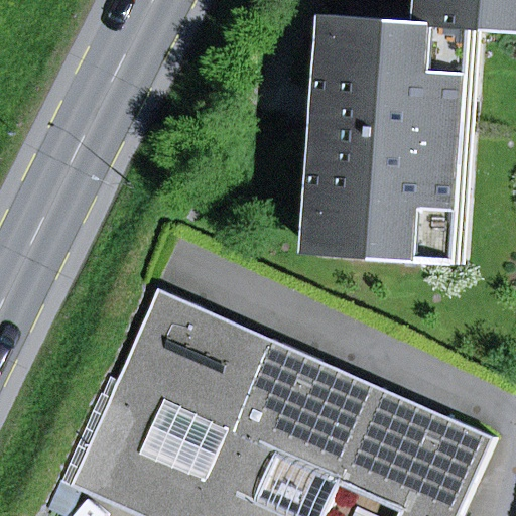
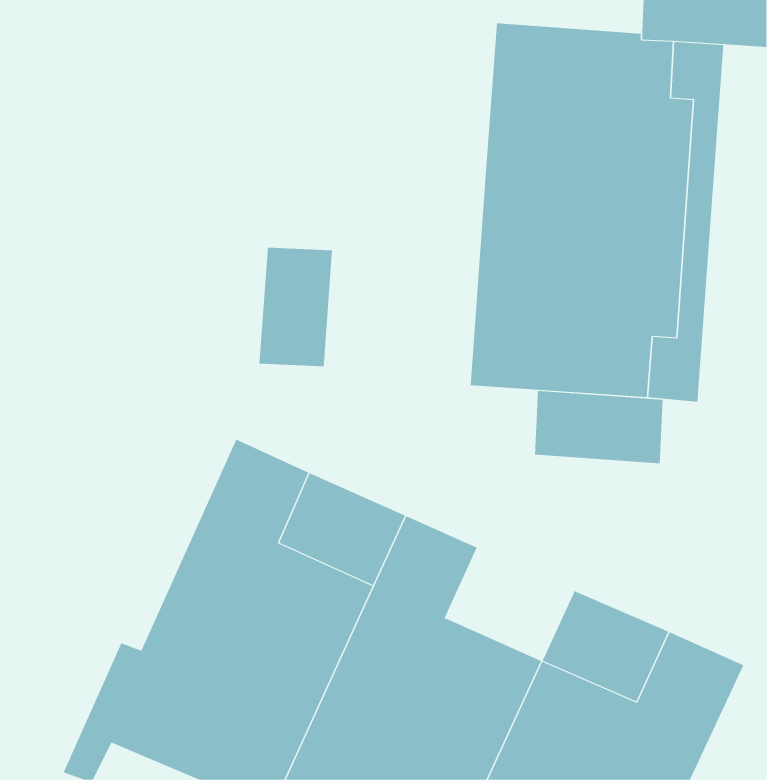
building: none -> [259,247,333,367]
building: none -> [535,390,663,464]
building: [293,361,378,435] -> none

